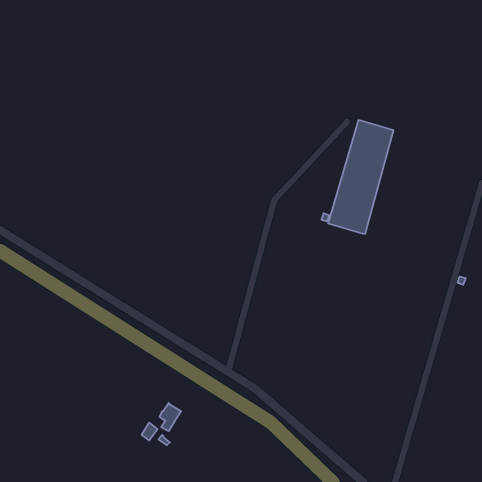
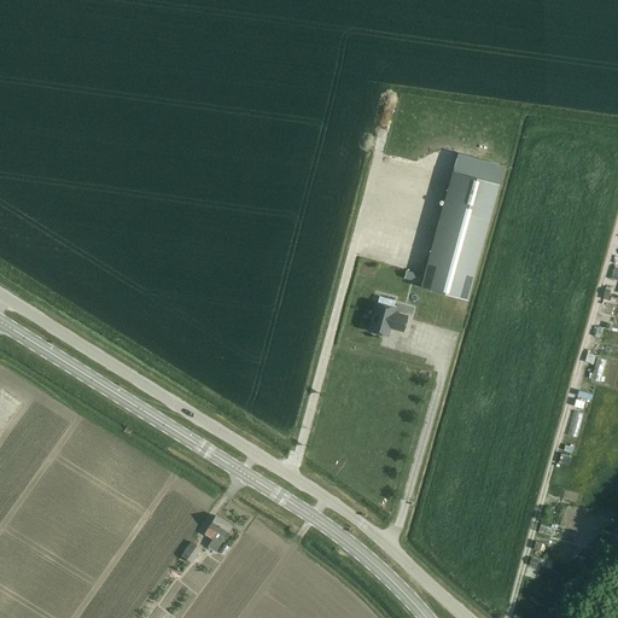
building: none -> [368,303,407,336]

